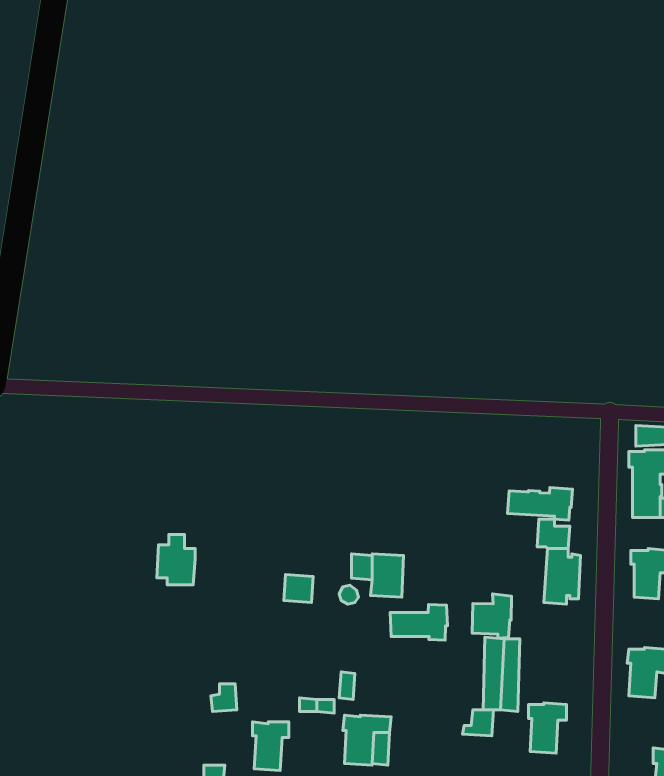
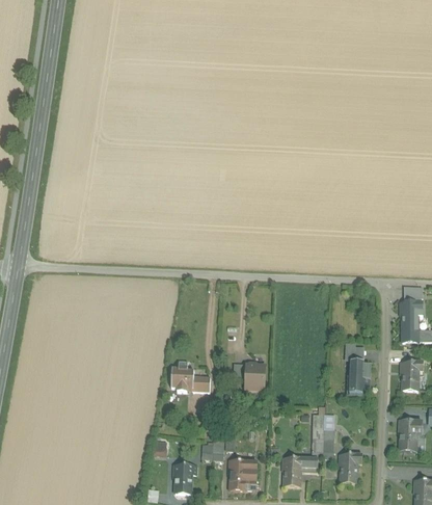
building: [508,488,572,520] -> none
building: [157,534,195,585] -> [170,362,193,392]
building: [472,594,511,638] -> none
building: [390,604,448,640] -> none
building: none -> [281,456,305,486]

